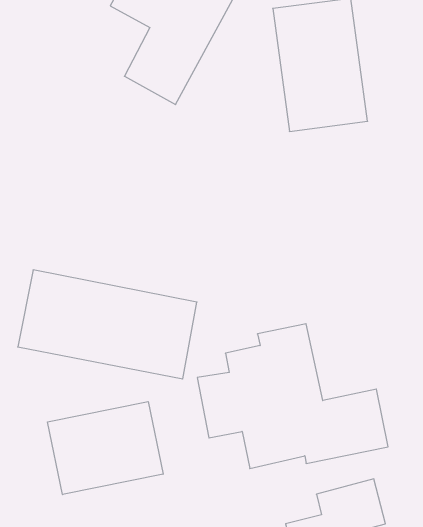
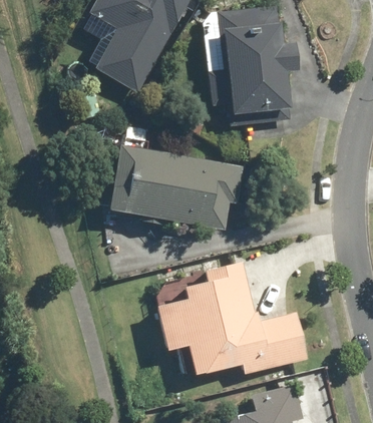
building: [18,270,197,379] -> [97,146,238,232]
building: [48,402,163,495] -> none

